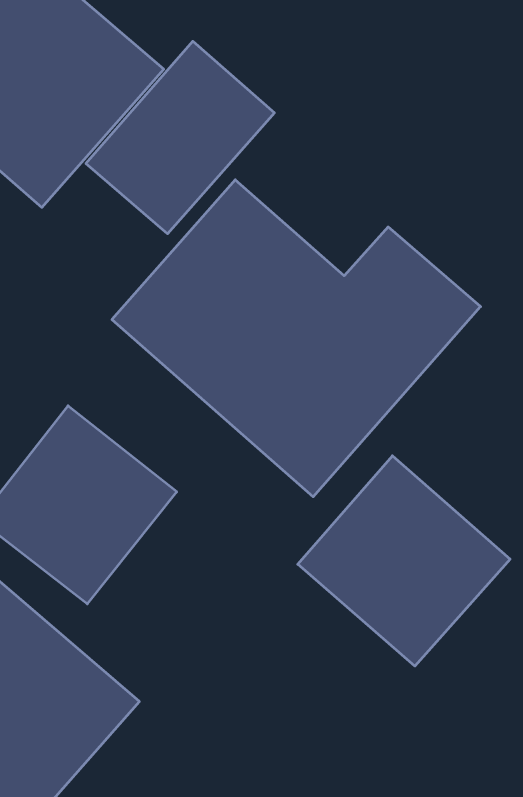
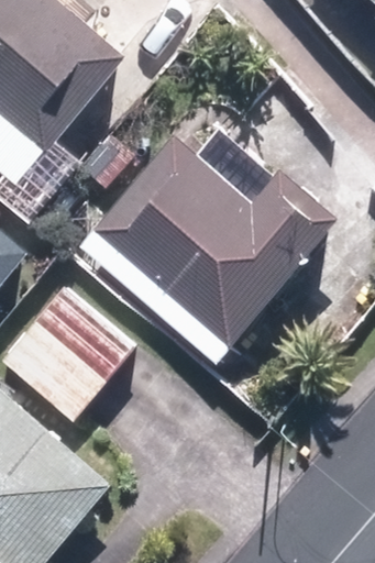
building: [86,41,274,234] -> none
building: [298,456,510,666] -> none

